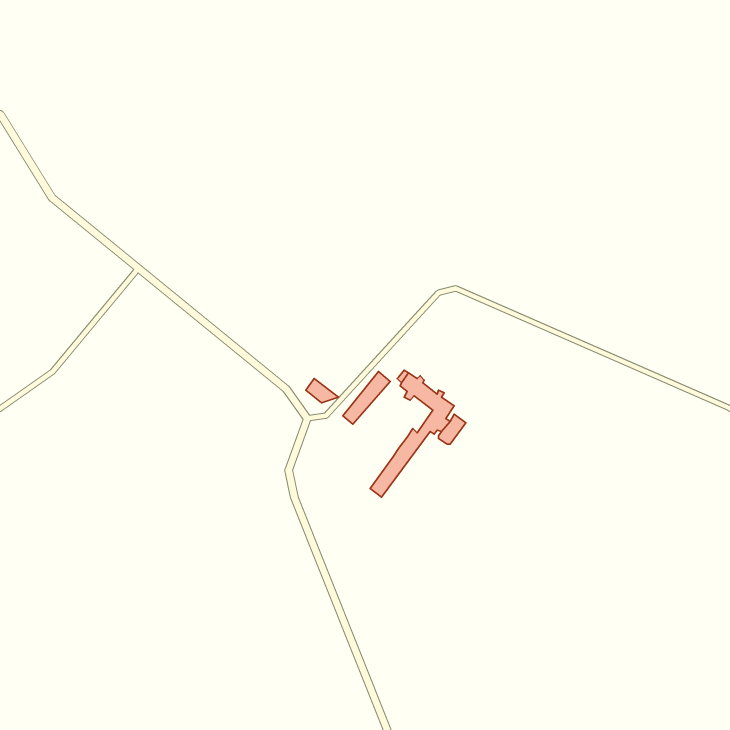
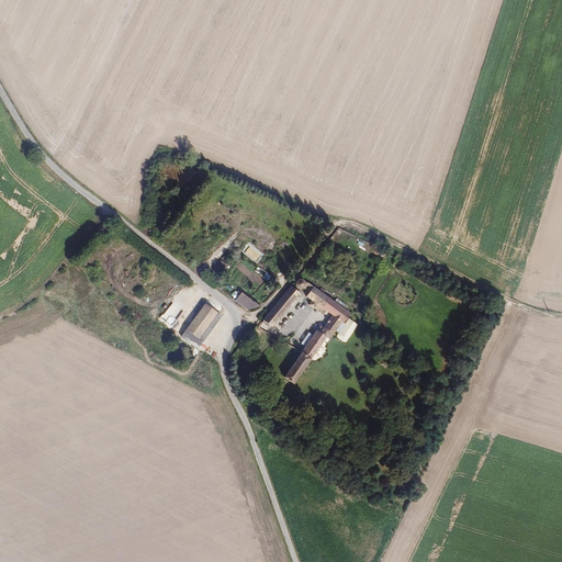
building: none -> [183,304,221,347]

